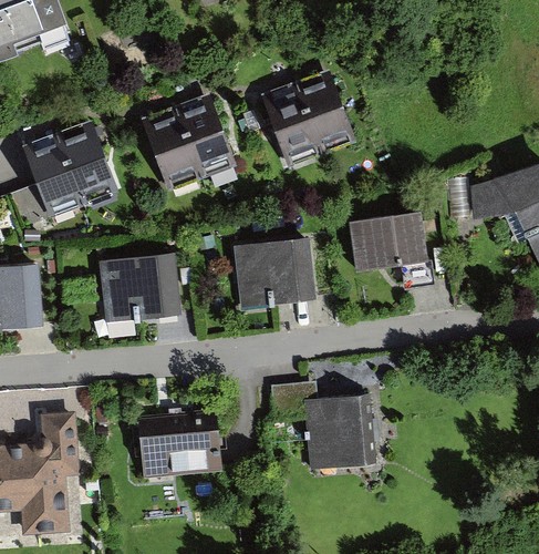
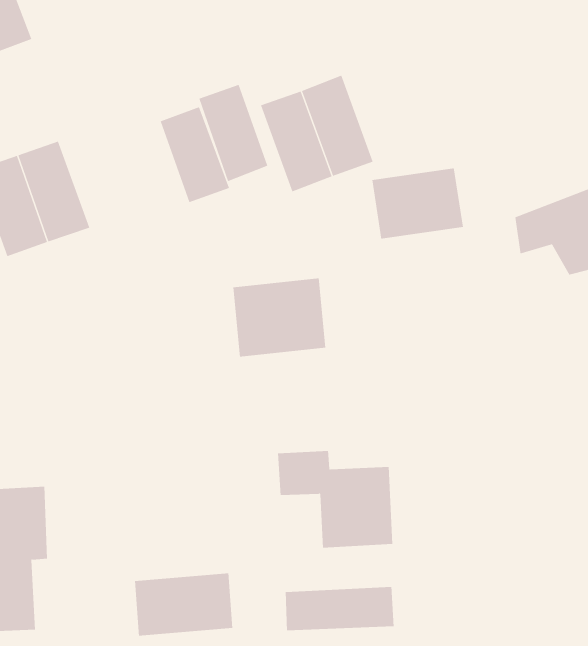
building: [142,106,200,188] -> [198,84,268,182]
building: [351,212,428,271] -> [371,168,464,239]
building: [99,250,180,321] -> none
building: [138,424,221,478] -> [134,573,233,636]
building: none -> [285,586,394,631]

